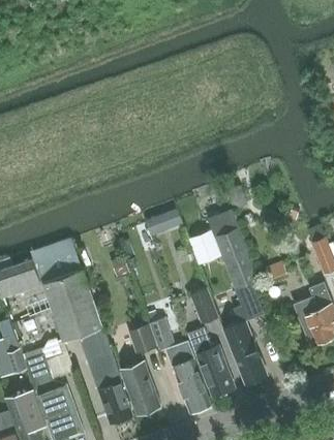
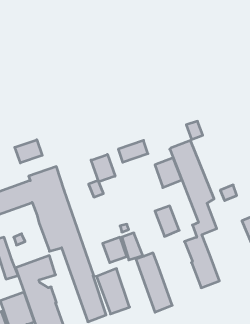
building: none -> [15,140,42,163]
building: none -> [91,154,115,182]
building: [188,328,234,397] -> none

